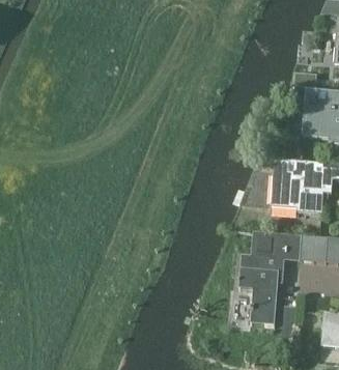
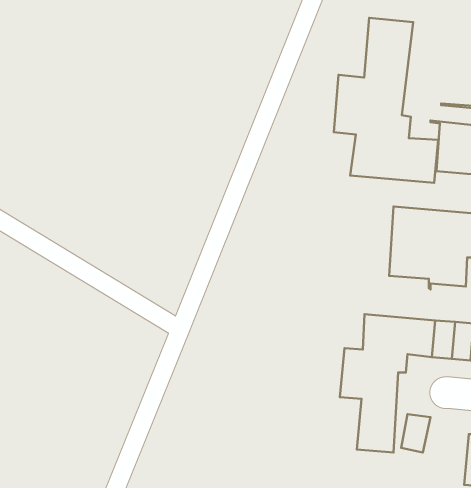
building: none -> [334,18,438,183]

